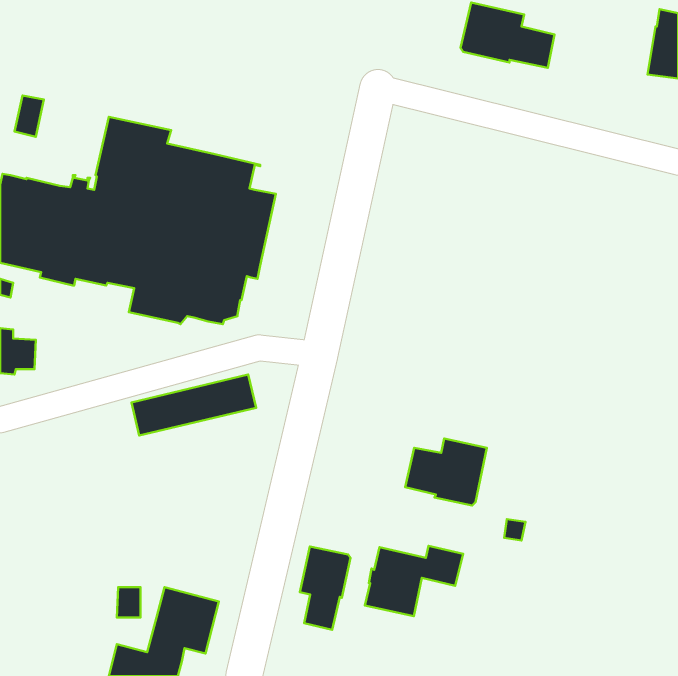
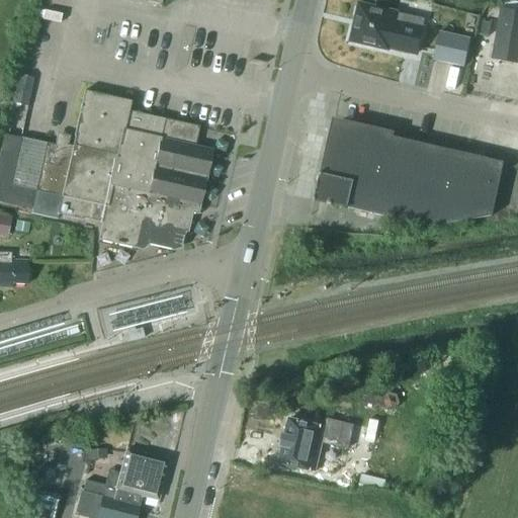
building: none -> [433,30,471,65]
building: none -> [314,121,504,226]
building: [405,439,487,506] -> none
building: [300,546,350,630] -> none

